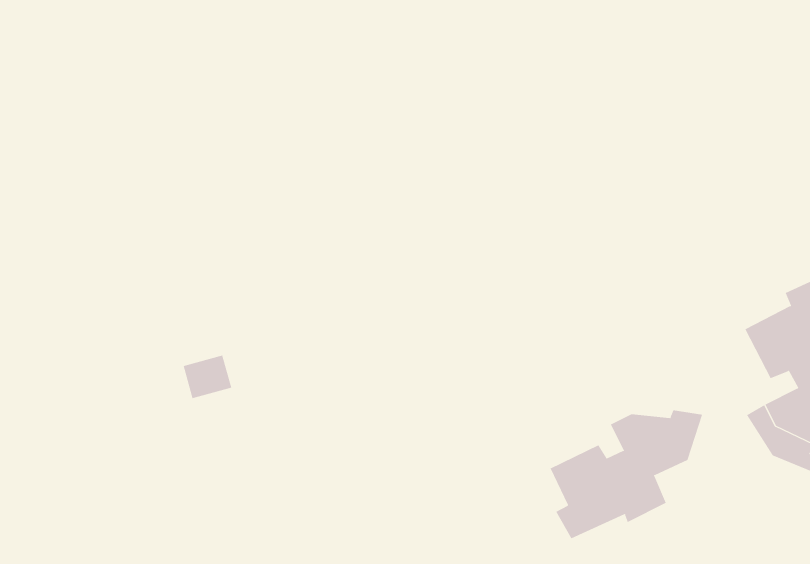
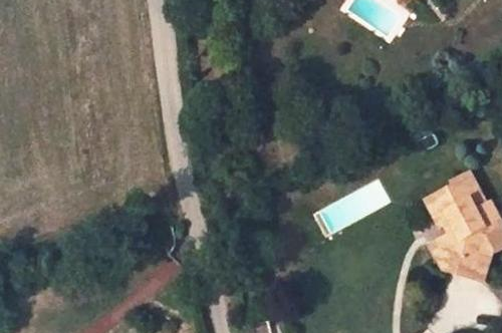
building: [550,409,703,539] -> none

